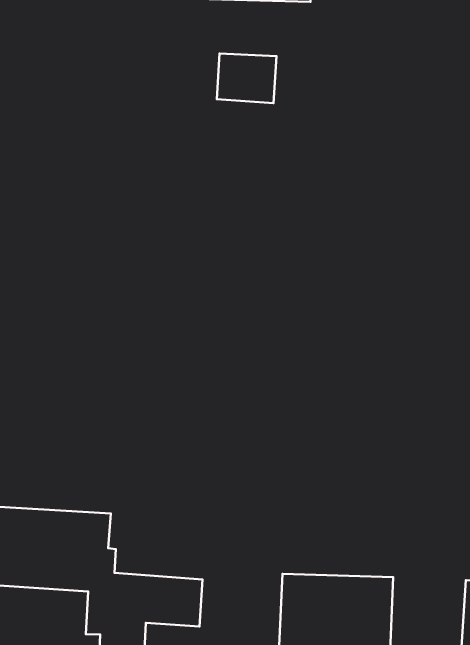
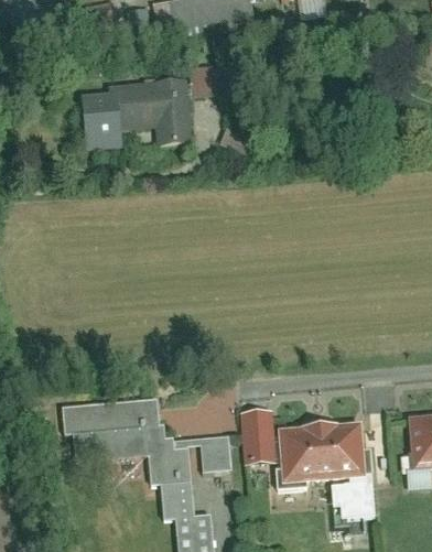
building: none -> [82,86,185,148]
building: none -> [241,408,277,462]

